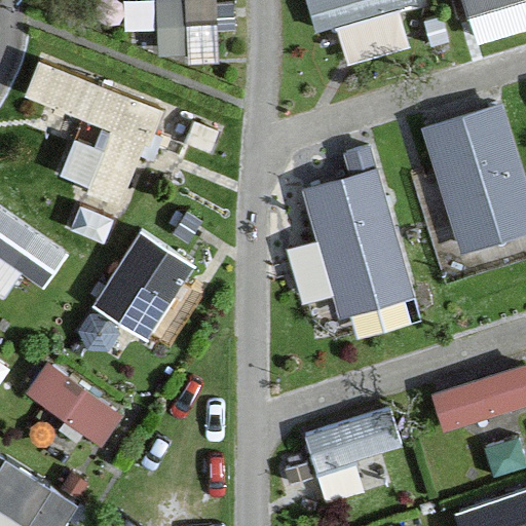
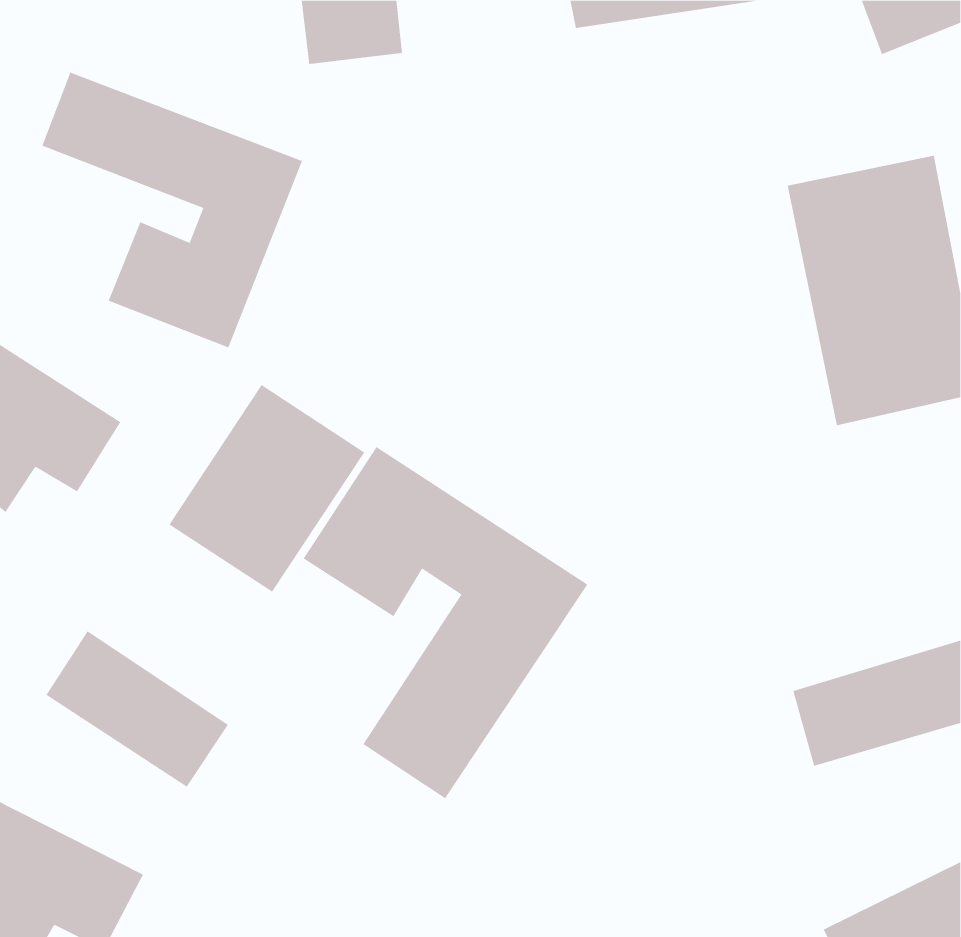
building: [305,165,409,316] -> none
building: none -> [303,446,588,799]
building: [303,410,403,475] -> none

